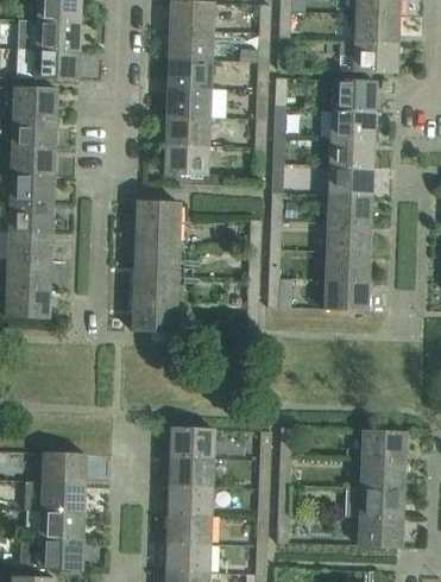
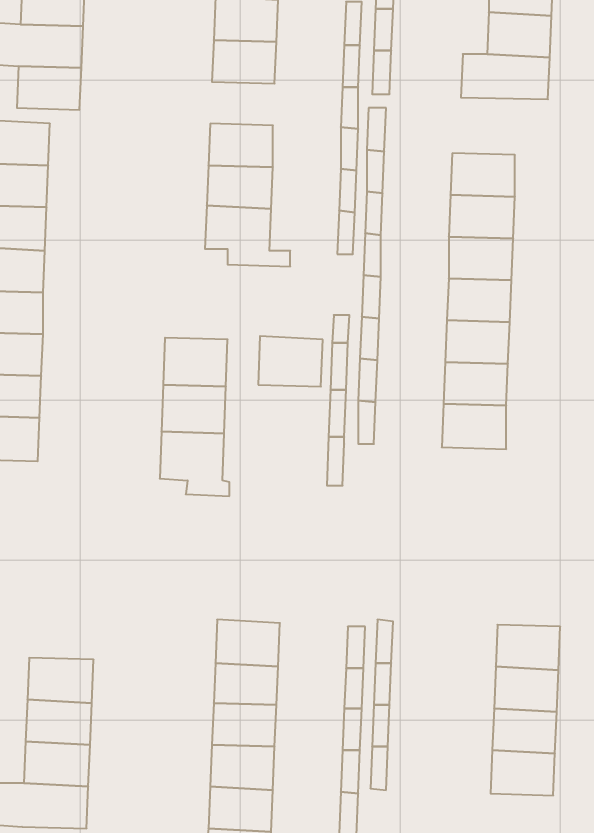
building: [166,59,210,89] -> none
building: [332,80,376,109] -> none
building: [136,201,179,235] -> [258,336,323,387]

